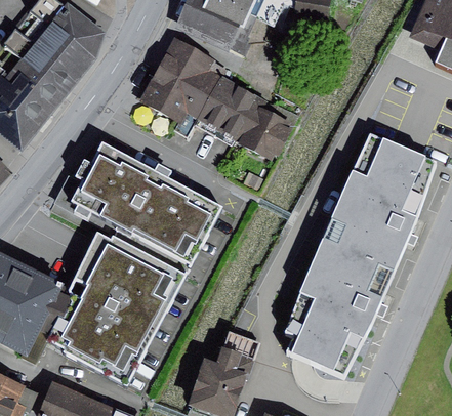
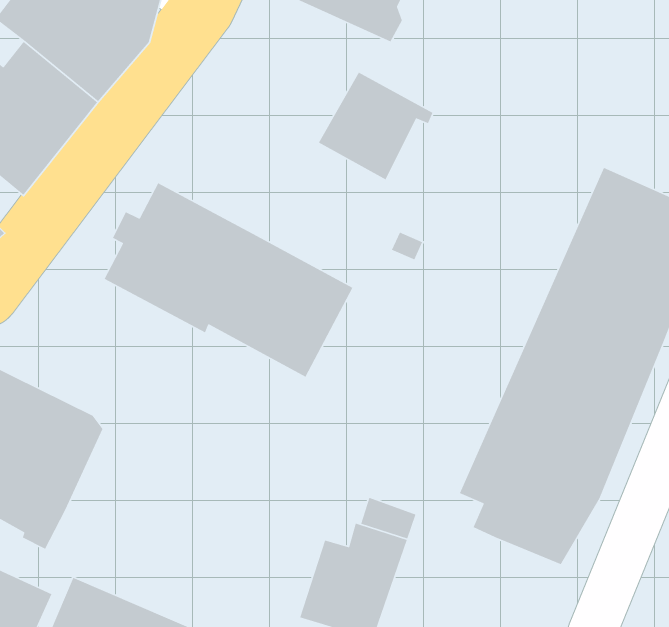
building: [138,37,225,138] -> none
building: [238,105,291,159] -> none
building: [46,232,184,385] -> none

